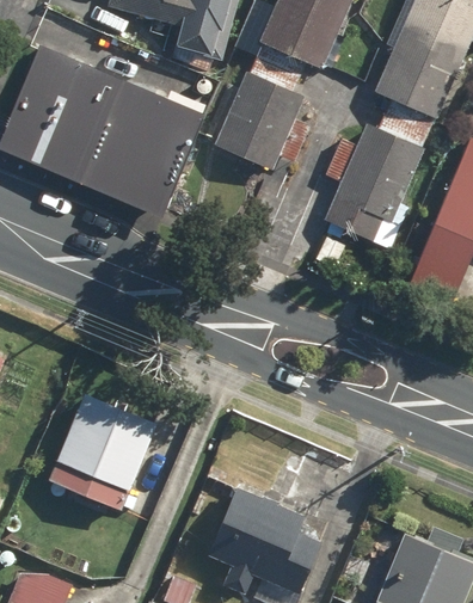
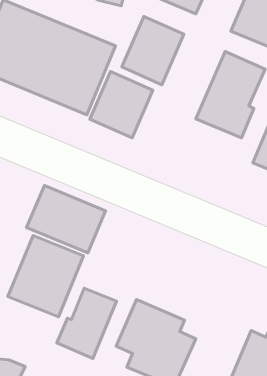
building: none -> [90,71,153,138]
building: none -> [27,186,106,253]
building: none -> [57,288,116,358]

